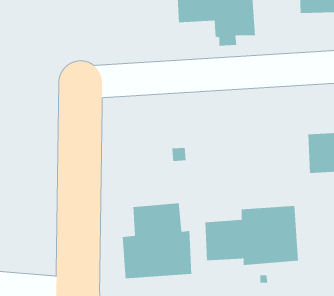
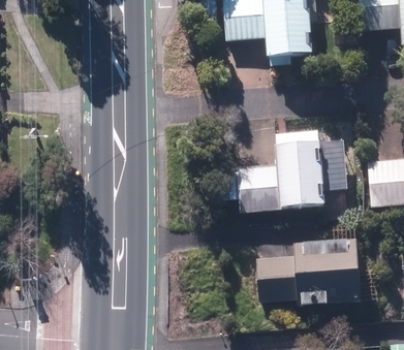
building: none -> [236,130,324,212]
building: [122,203,192,279] -> none

